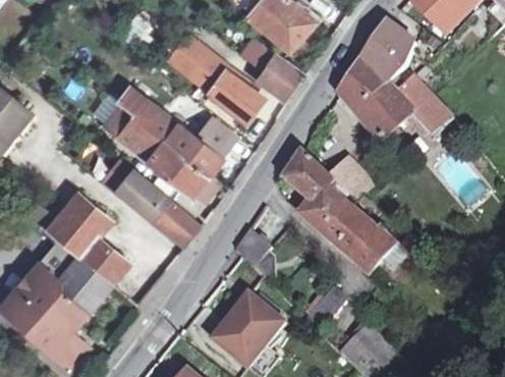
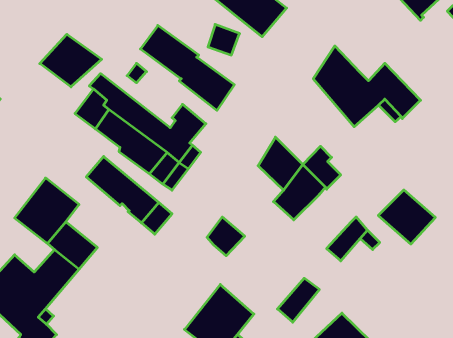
building: [361,22,415,84] -> none
building: none -> [40,34,102,87]
building: [260,53,303,97] -> none
building: [321,205,378,259] -> [378,190,435,244]

